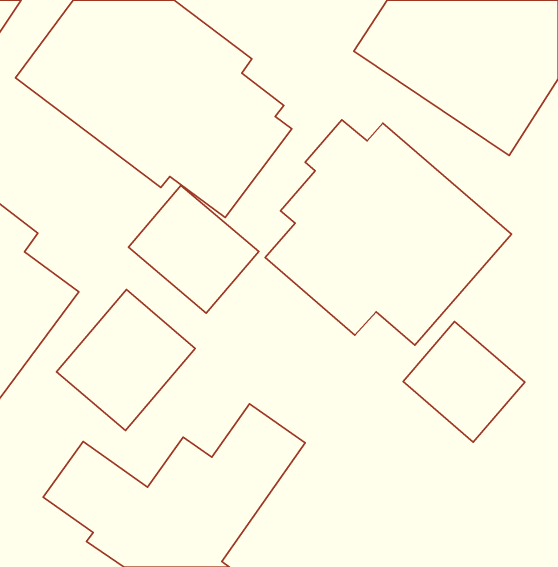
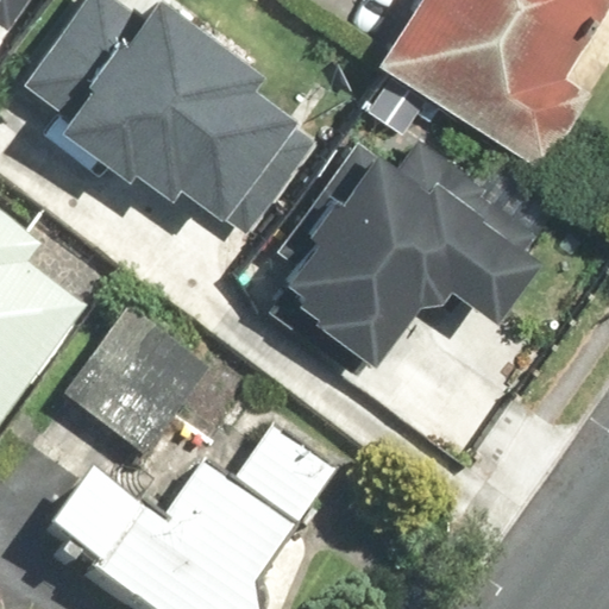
building: [129,185,259,313] -> none
building: [403,321,525,442] -> none

